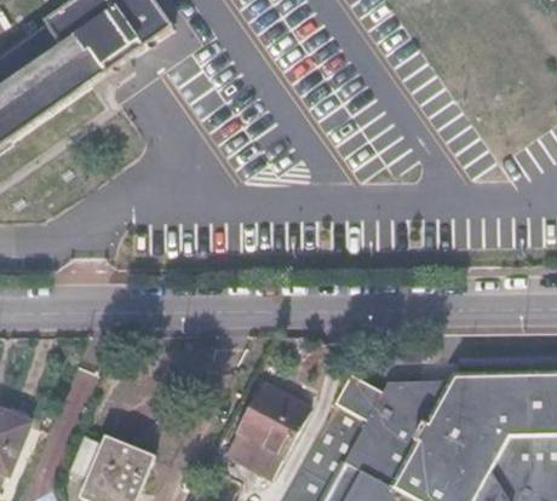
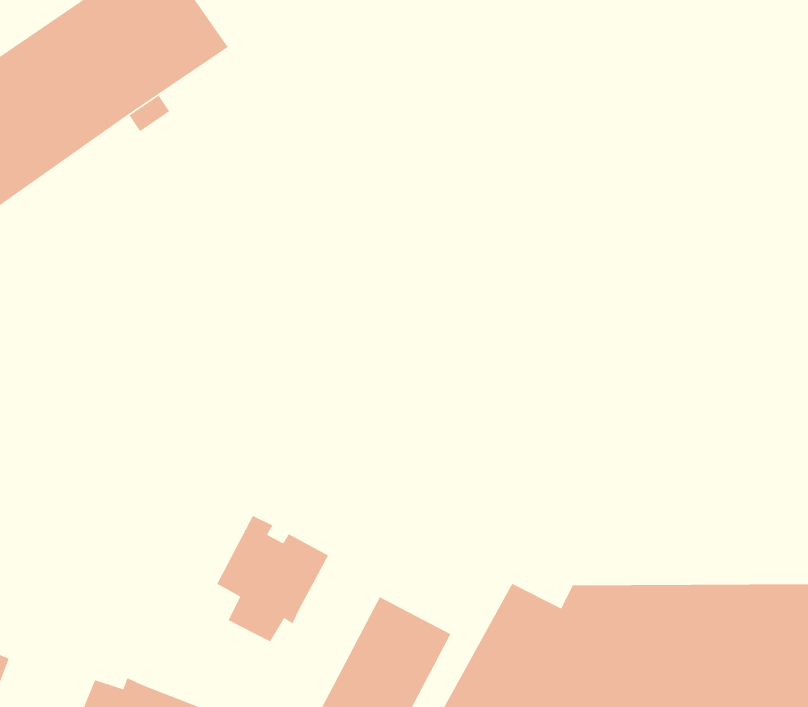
building: none -> [216,515,329,643]

